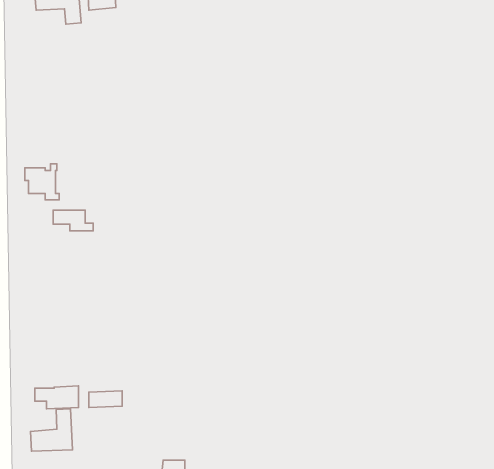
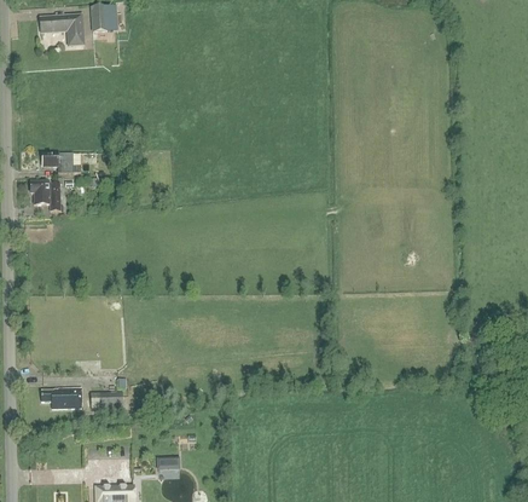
building: [53,210,93,231] -> [42,154,80,173]
building: [31,409,72,451] -> none

